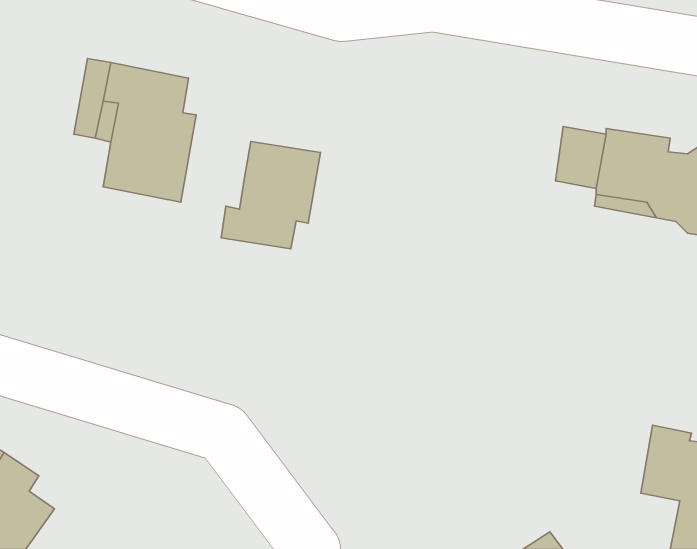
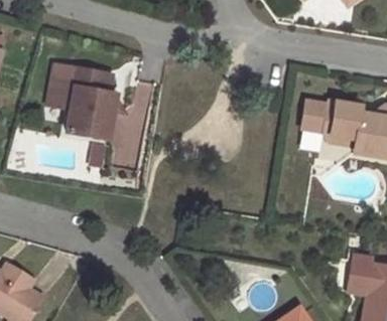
building: [221,141,321,249] -> none

